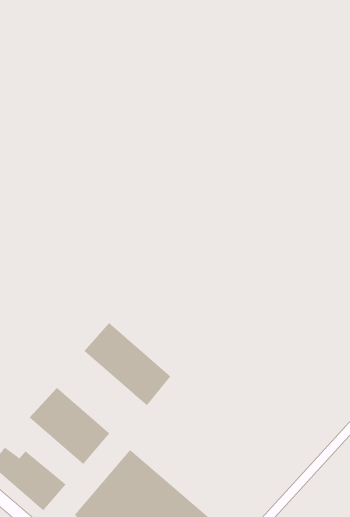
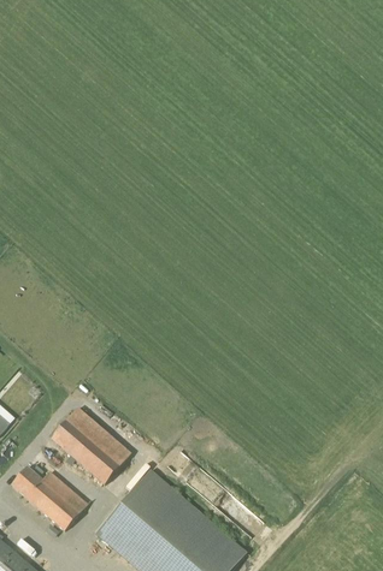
building: [83,322,171,406] -> none

